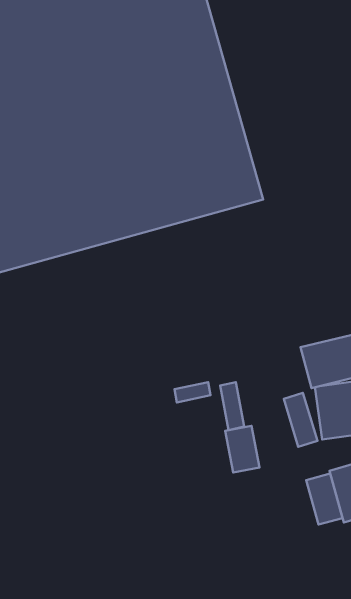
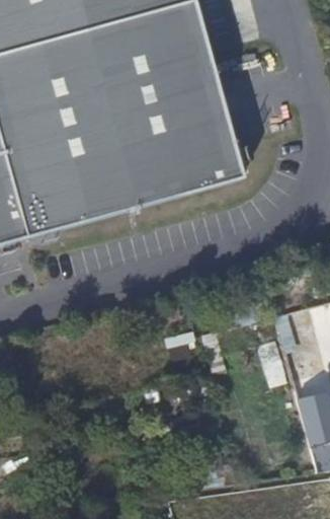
building: [225,426,259,472] -> none
building: [306,474,343,525] -> none

